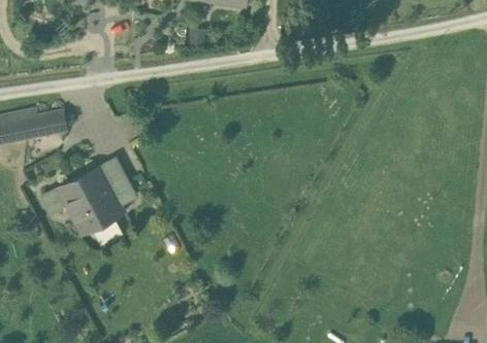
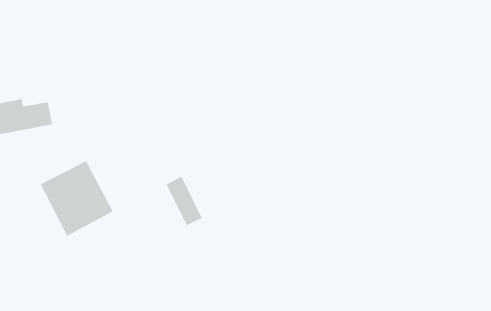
building: [101,158,136,205] -> [166,176,203,226]

